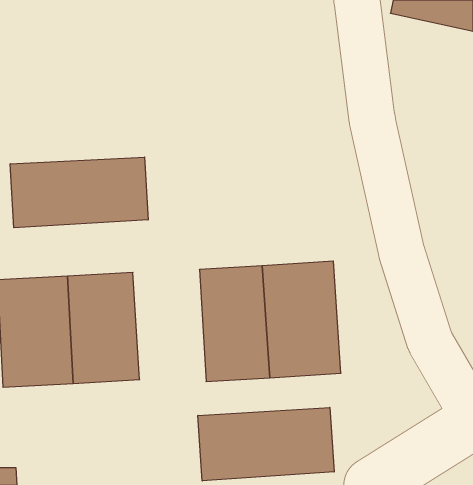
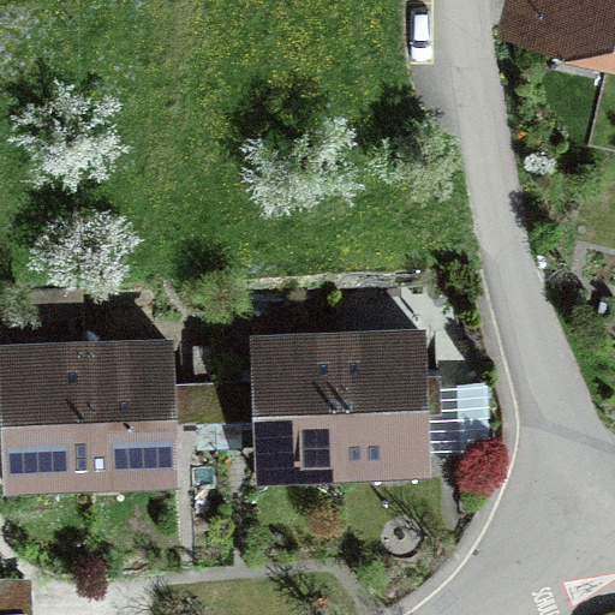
building: [10,157,148,228] -> none
building: [198,407,334,481] -> none

